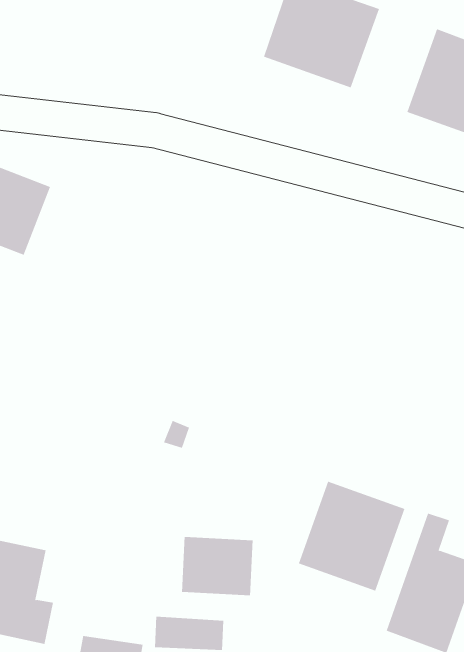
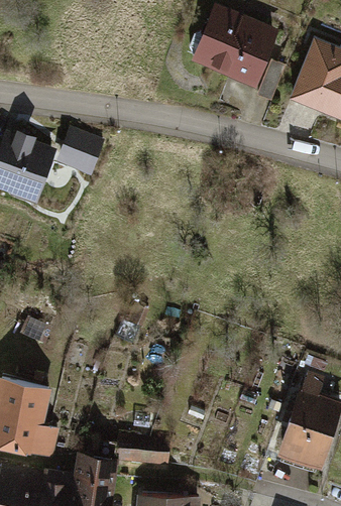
building: none -> [59,132,104,172]
building: [298,481,405,591] -> none
building: [181,536,253,596] -> none

